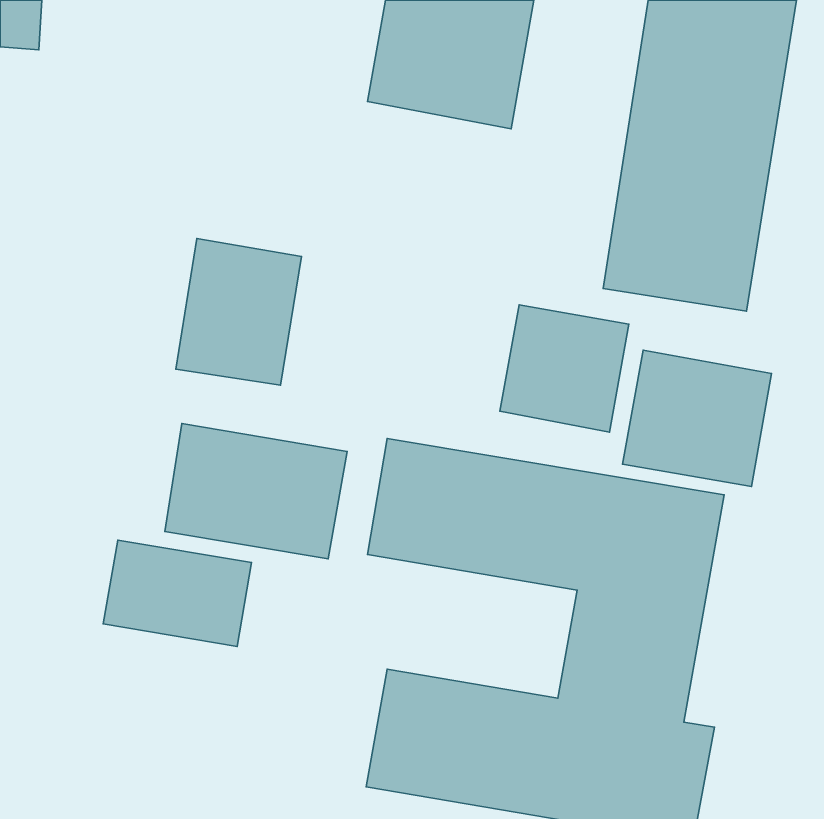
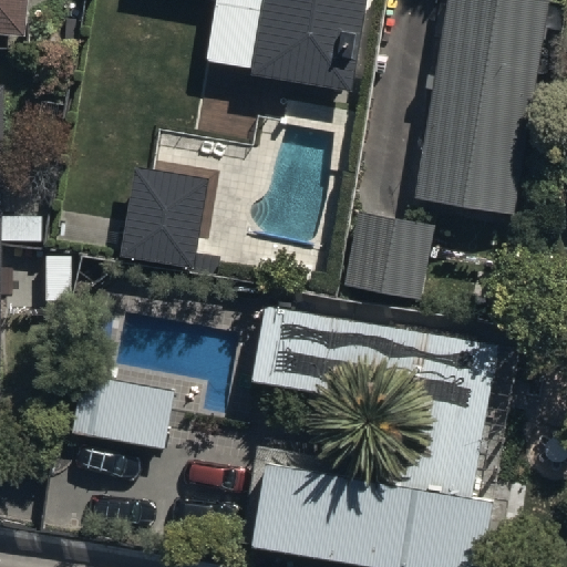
building: [623,350,771,486] -> none
building: [165,424,347,559] -> none

